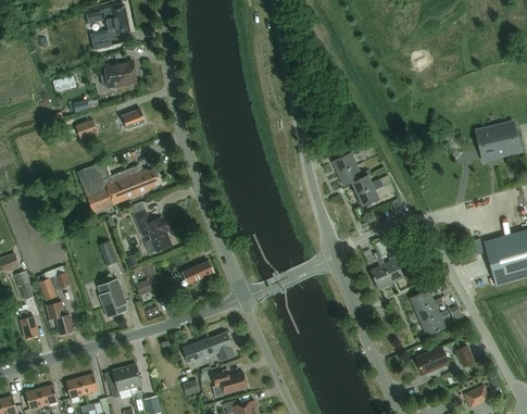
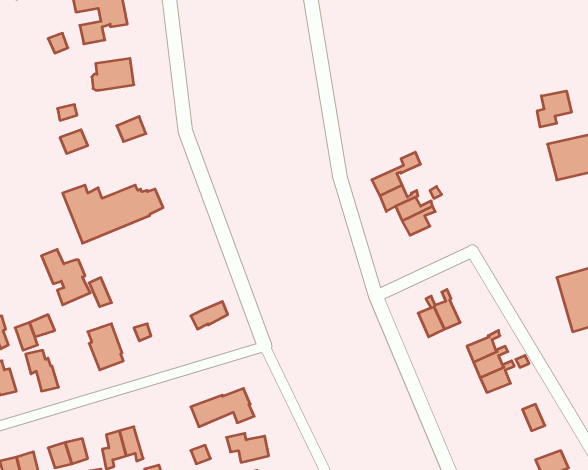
building: none -> [537,91,571,127]
building: [133,209,173,254] -> [41,249,90,305]
building: [415,346,450,375] -> none

